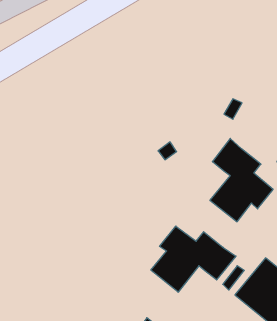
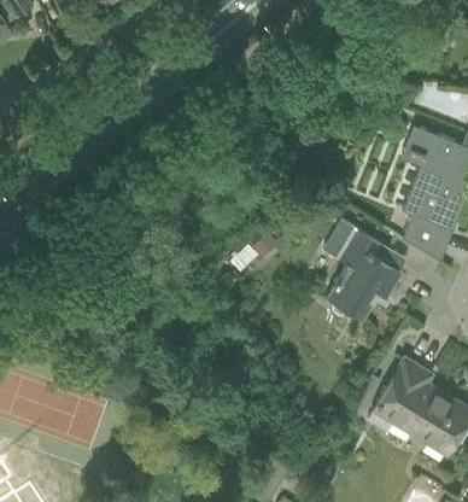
building: [151,226,236,292] -> none

